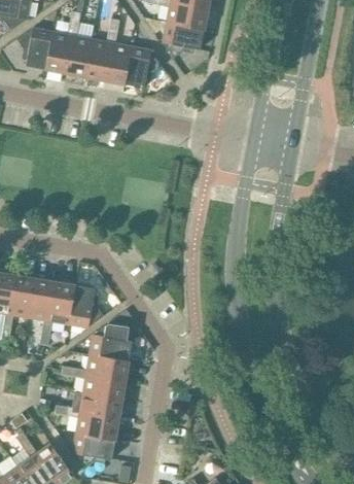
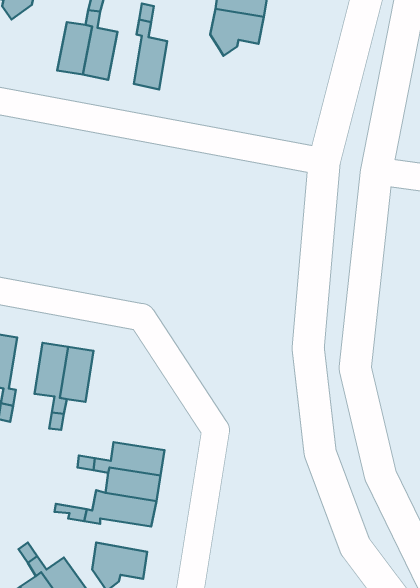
building: [17,29,54,70] -> none
building: [85,40,111,80] -> none
building: [125,47,163,89] -> none
building: [9,275,35,318] -> none
building: [68,285,104,327] -> none
building: [90,323,132,361] -> none
building: [76,414,118,440] -> none

